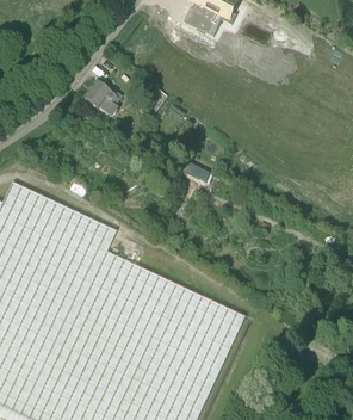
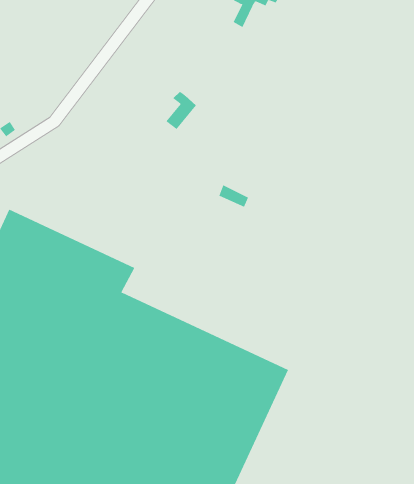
building: [82,80,122,116] -> none

